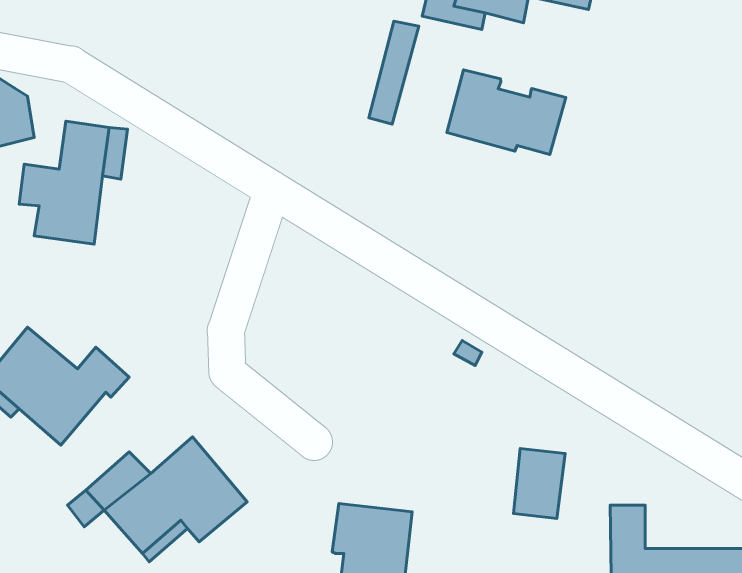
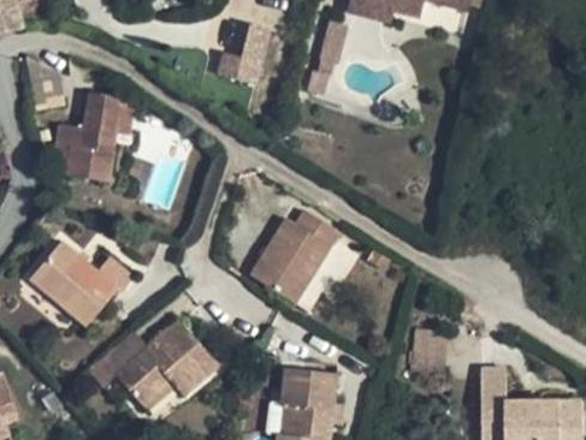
building: none -> [221,23,272,83]
building: [447,70,566,154] -> none
building: none -> [251,210,339,303]

